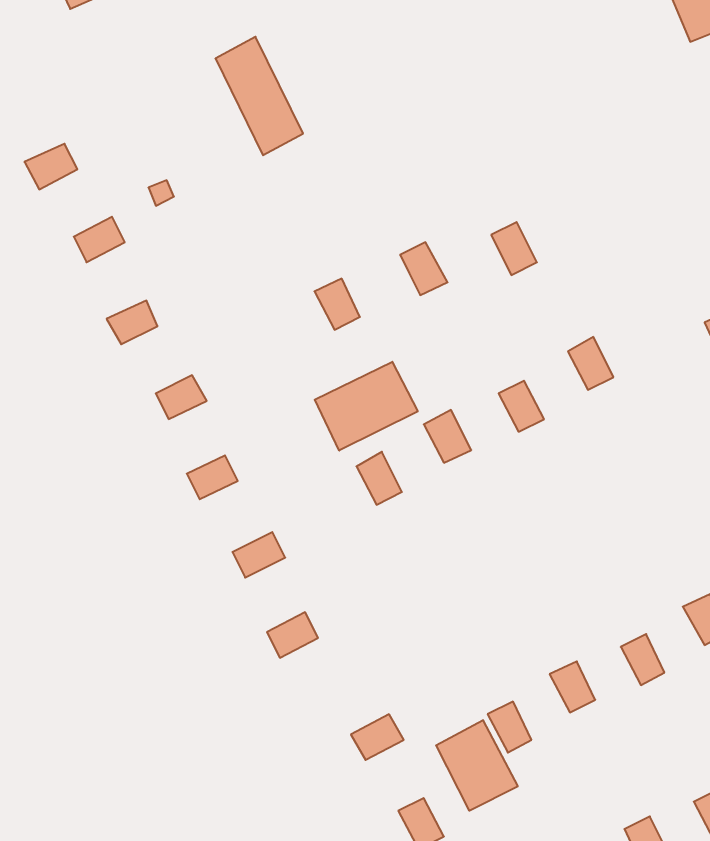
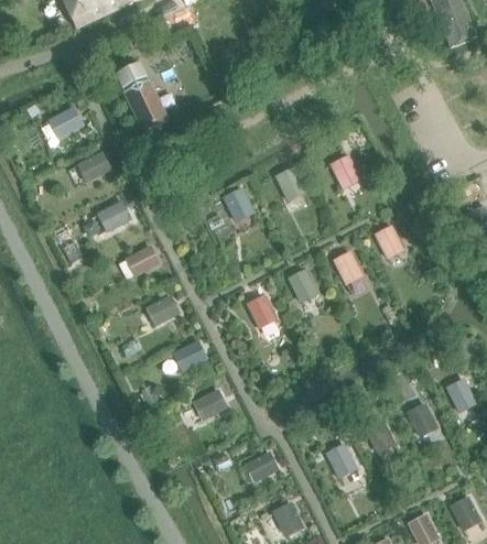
building: [215,37,303,155] -> [115,61,167,132]
building: [315,362,418,451] -> none
building: [436,720,518,811] -> none

